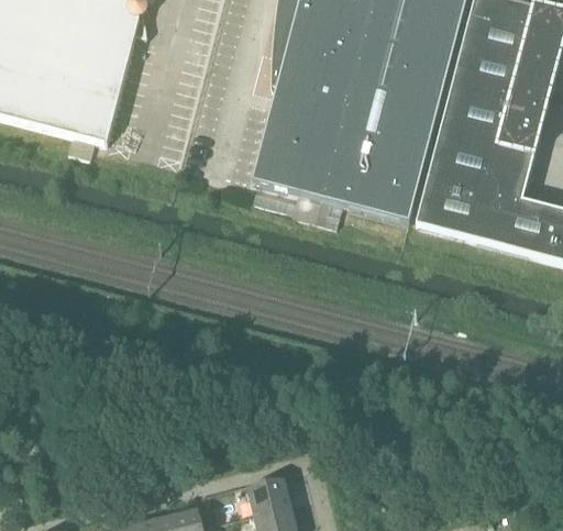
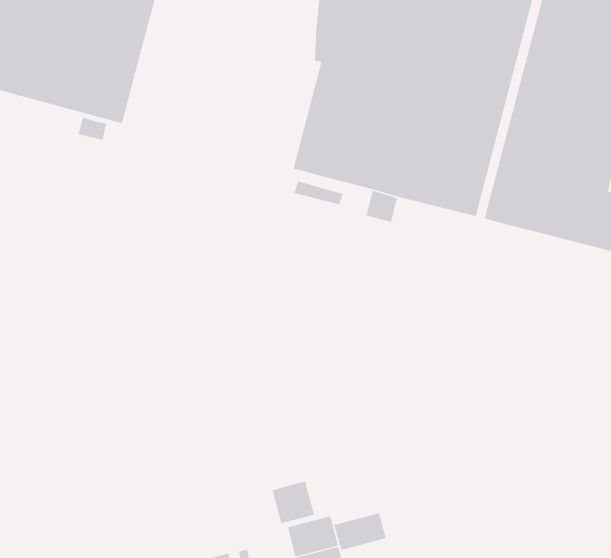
building: none -> [271,481,315,524]
building: none -> [333,512,387,551]

